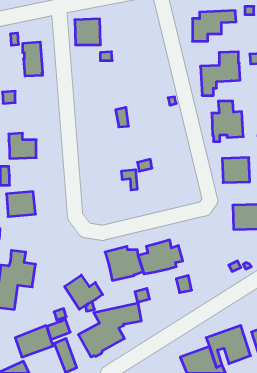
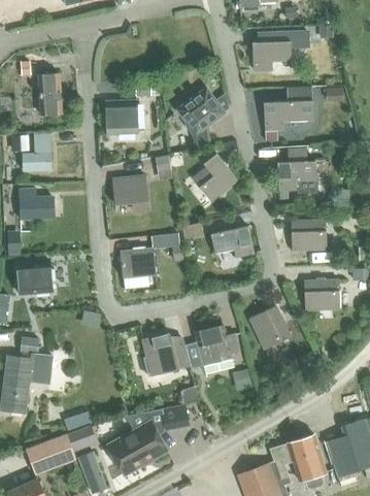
building: [75,19,101,45] -> [105,101,138,134]
building: none -> [178,90,224,148]
building: none -> [23,140,52,172]
building: none -> [192,158,238,203]
building: none -> [112,175,147,204]
building: none -> [211,226,255,259]
building: none -> [121,250,156,277]
building: none -> [249,306,291,351]
building: [65,275,103,309] -> none

